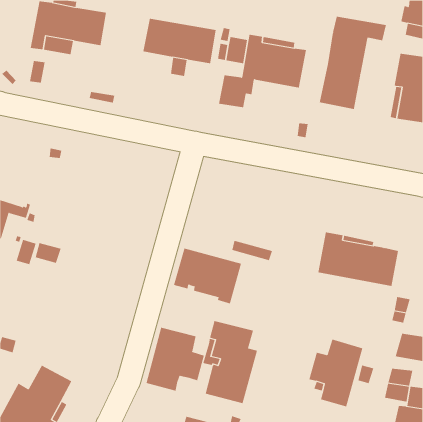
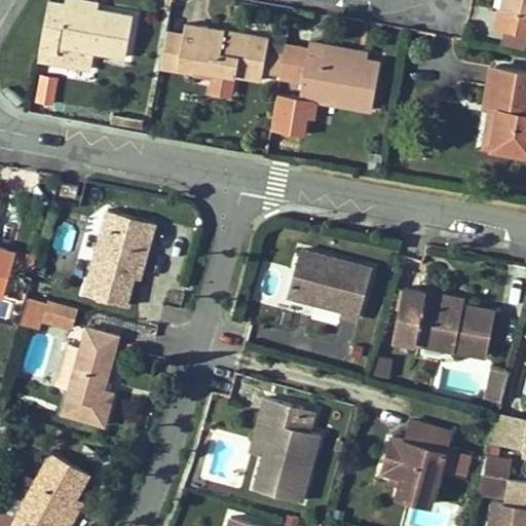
building: [319,16,387,110] -> none
building: none -> [160,33,214,79]
building: none -> [83,212,155,307]
building: [173,248,242,304] -> [287,251,372,321]
building: none -> [54,329,119,427]
building: [146,327,205,391] -> none

